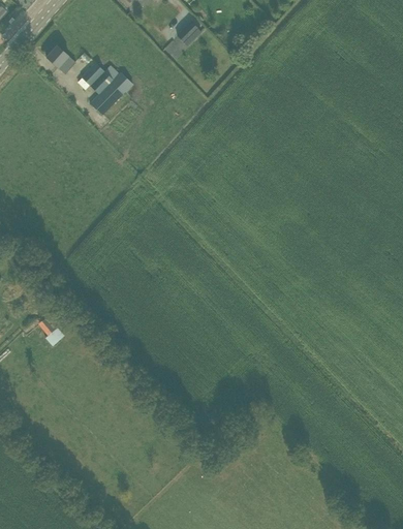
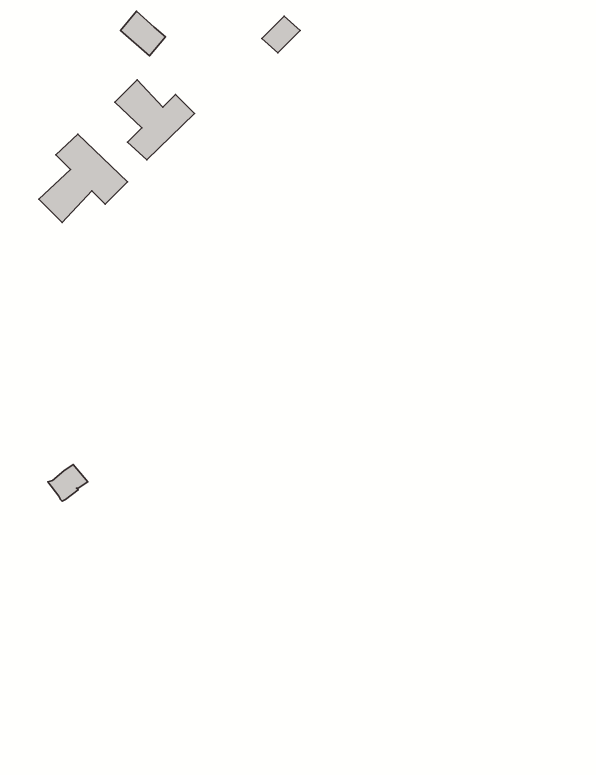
building: [45,44,74,73] -> [121,11,165,56]
building: none -> [39,134,127,222]

